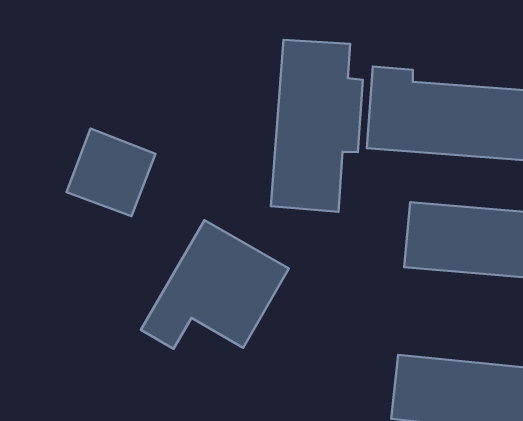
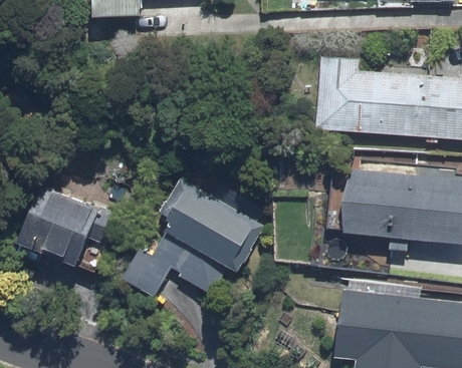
building: [271,40,363,212] -> none
building: [66,128,155,216] -> [28,187,102,260]

